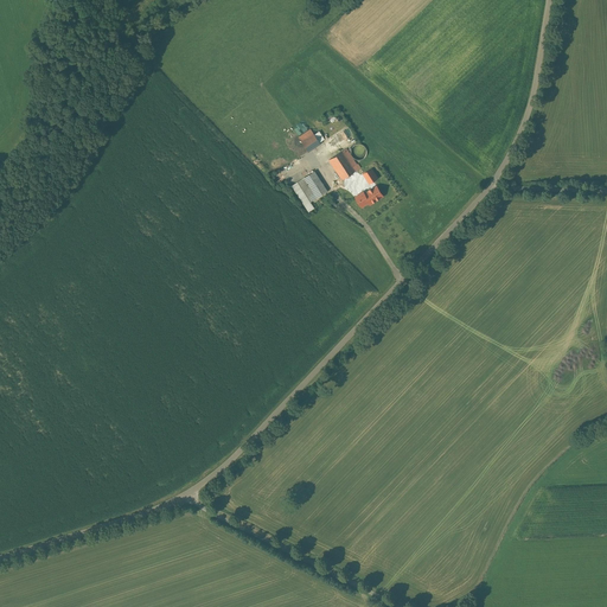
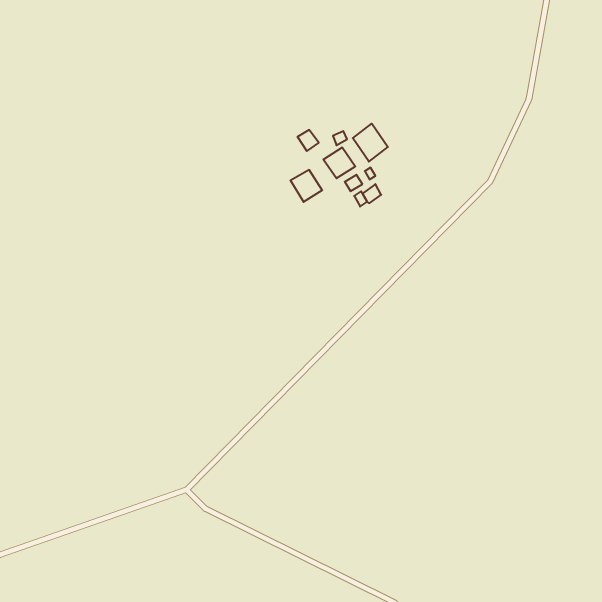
building: none -> [353,124,388,162]

